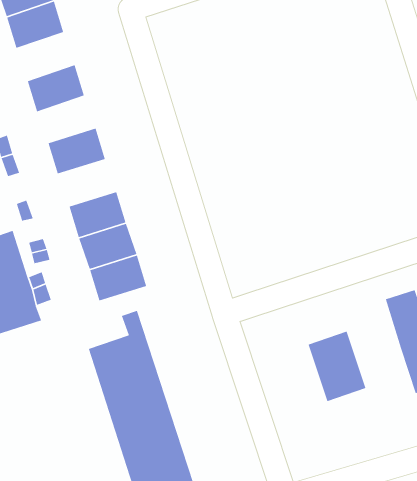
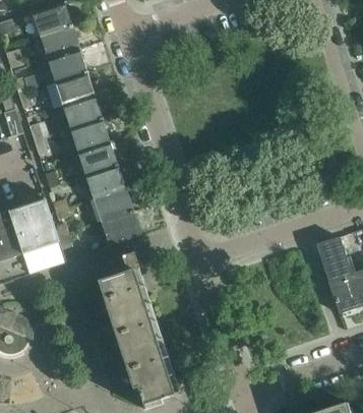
building: none -> [45,47,88,82]
building: none -> [49,94,104,128]
building: none -> [75,140,119,175]
building: [307,331,366,402] -> none

